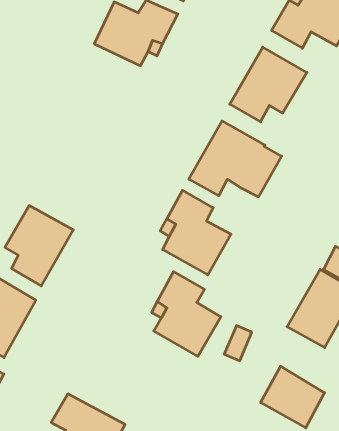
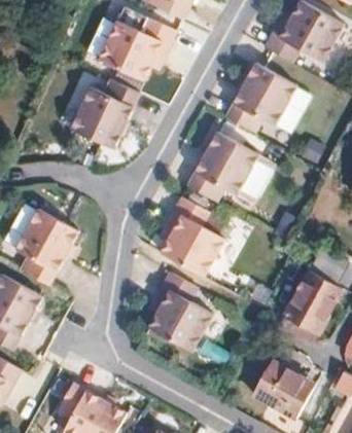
building: none -> [70,78,140,147]

